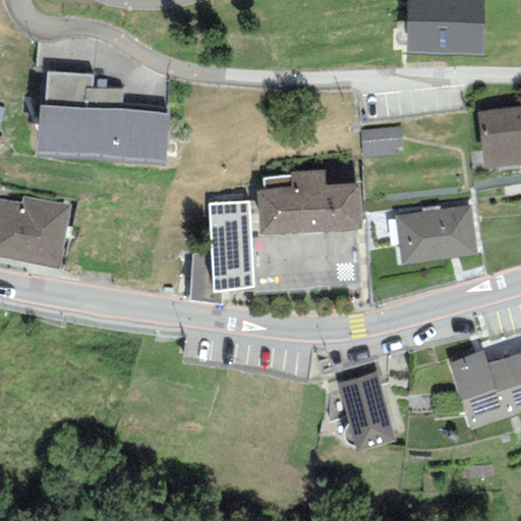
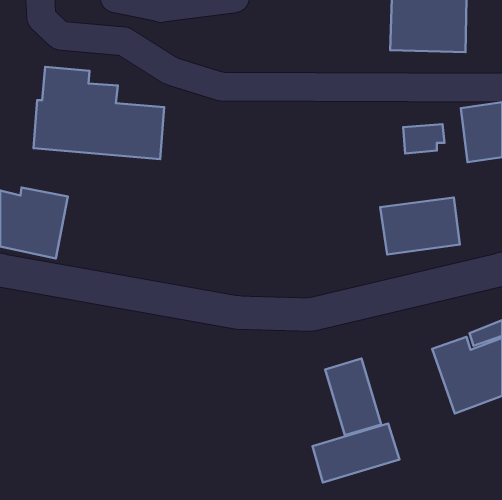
building: [360,125,403,156] -> [403,124,445,154]
building: [188,169,360,303] -> none
building: none -> [313,424,399,482]

